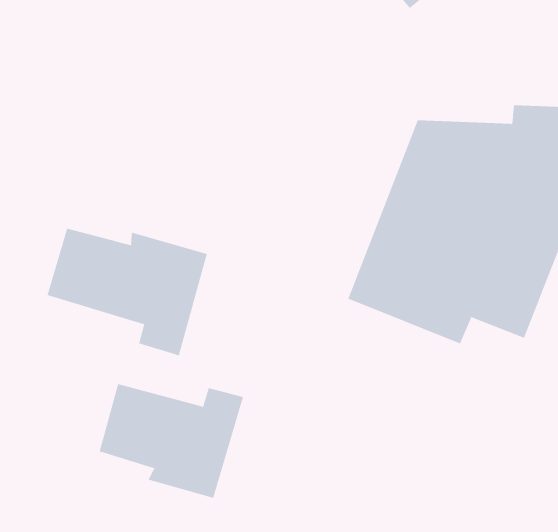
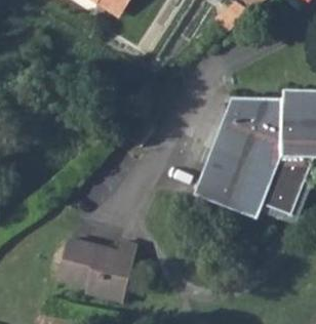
building: [47,228,207,356] -> none

